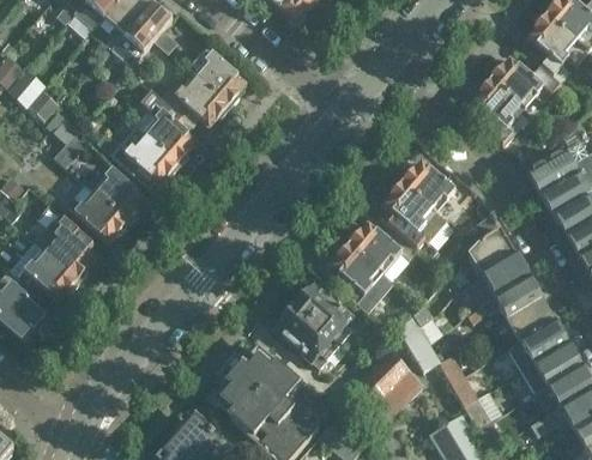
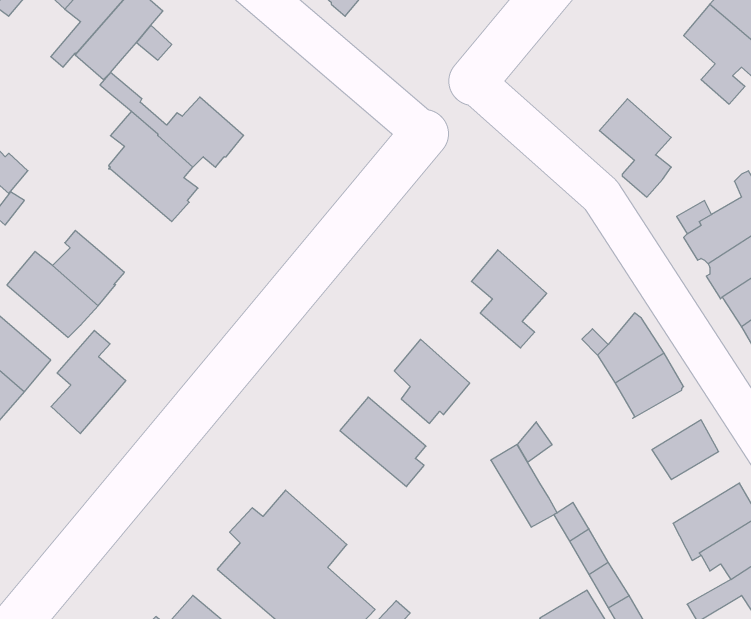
building: [187,46,246,103] -> none
building: [490,56,562,104] -> none
building: [111,126,179,183] -> none
building: [401,159,454,211] -> none
building: [349,220,417,272] -> none
building: none -> [51,330,126,434]
building: [467,277,540,322] -> none
building: [274,304,339,365] -> none
building: [508,319,567,368] -> none
building: [357,352,423,416] -> none

